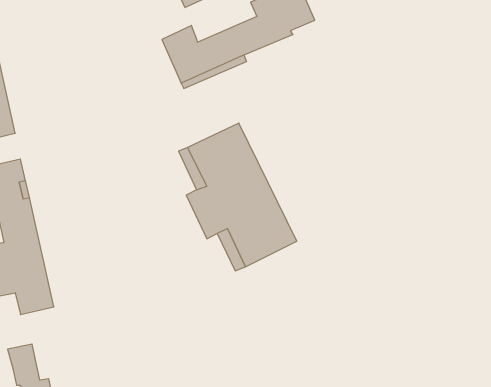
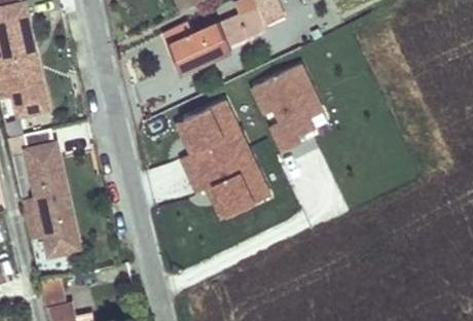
building: none -> [252,64,323,150]

